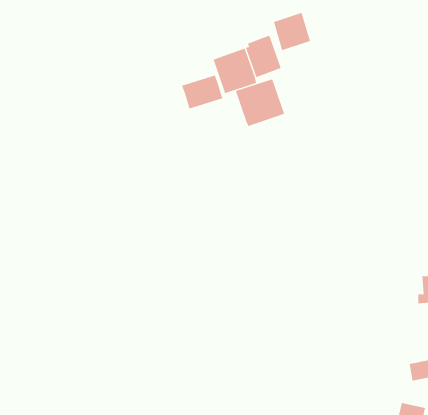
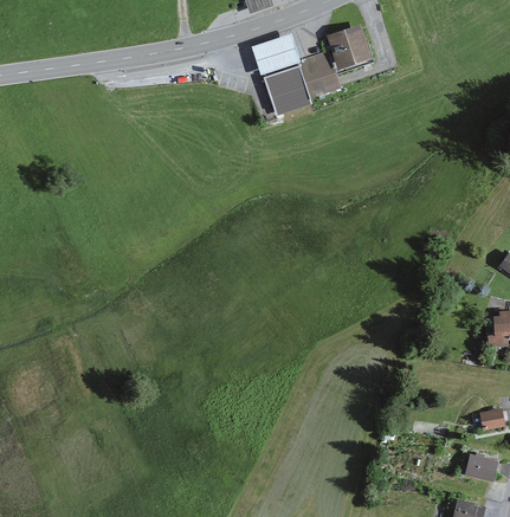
building: [181,75,223,109] -> [252,34,298,72]
building: [235,78,285,127] -> none

